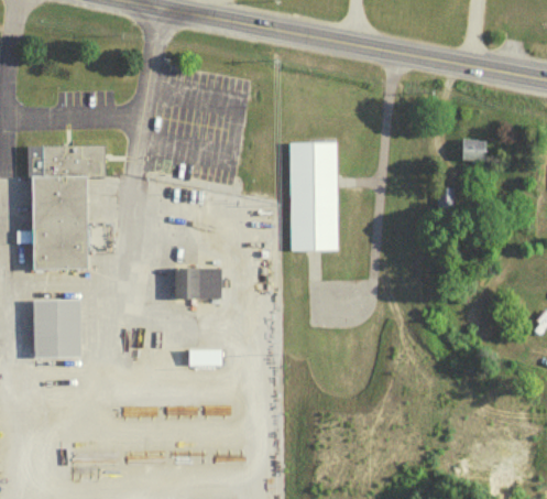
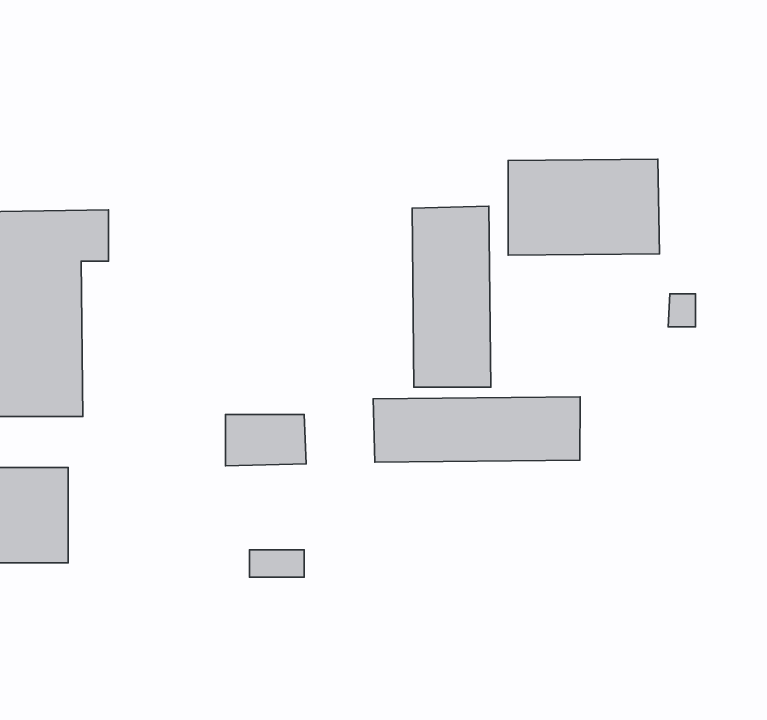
building: none -> [508,159,659,255]
building: [467,145,490,169] -> none
building: none -> [373,397,580,462]

